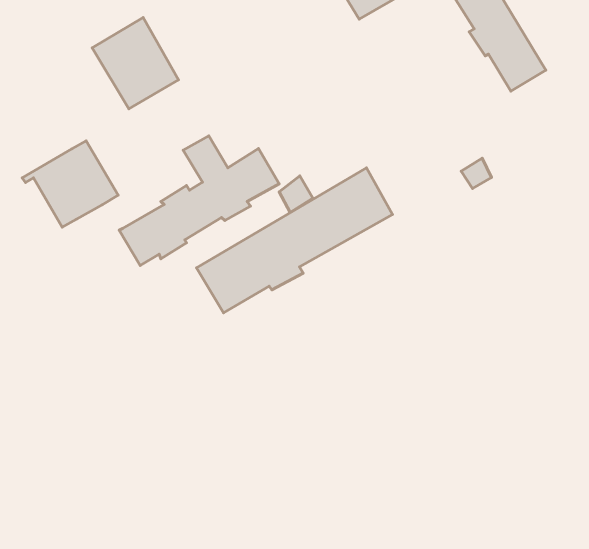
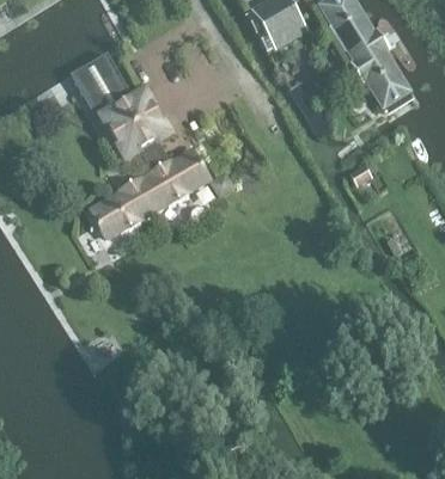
building: [22,141,118,227] -> [97,91,169,155]
building: [197,168,392,313] -> none

